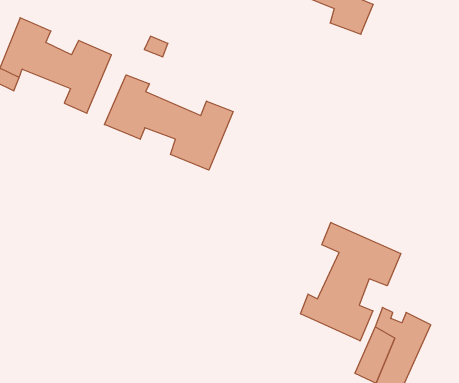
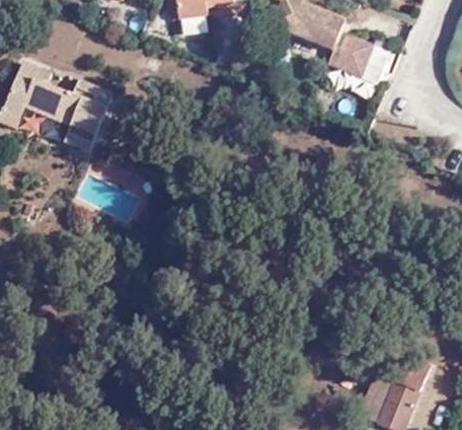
building: [104,75,233,170] -> none
building: [301,222,401,341] -> none

